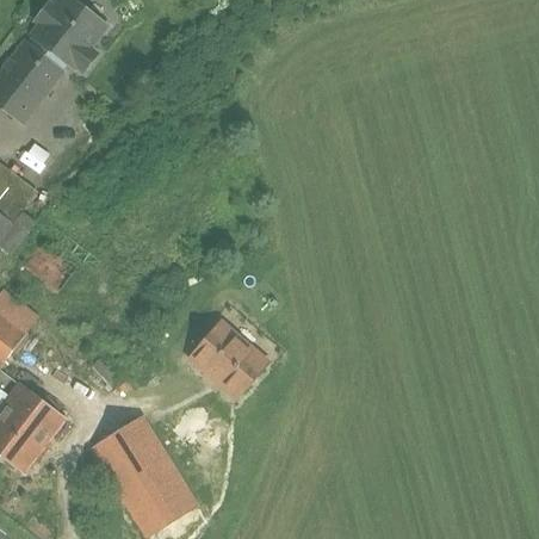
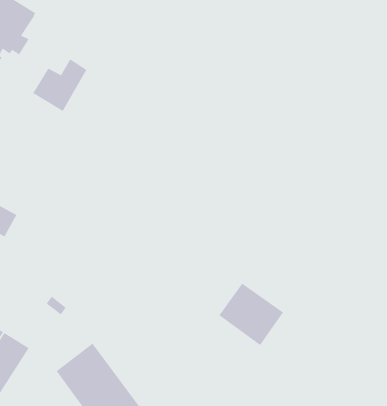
building: none -> [33,59,87,112]
building: [190,322,267,398] -> [218,283,284,346]

